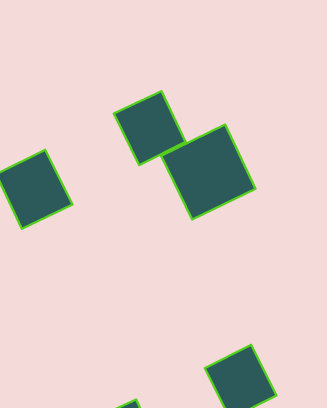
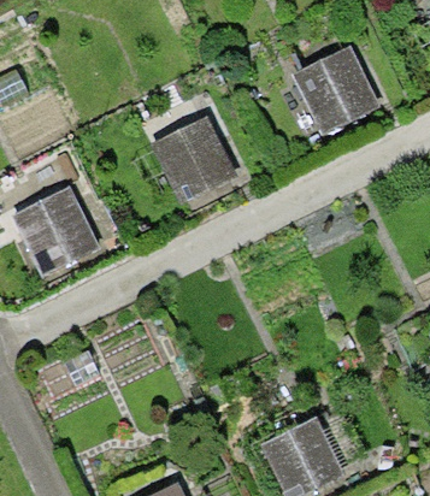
building: none -> [293,45,381,134]
building: [161,124,255,219] -> none

